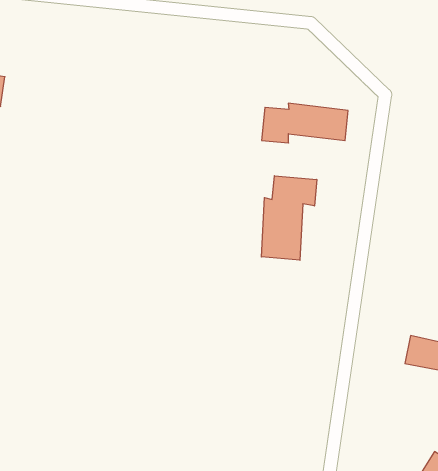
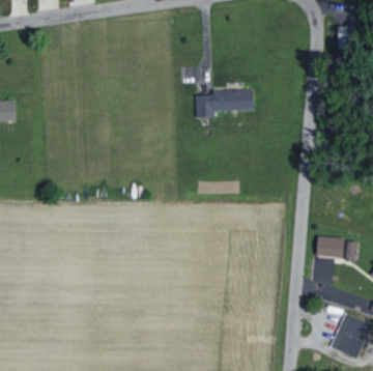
building: [261,176,317,260] -> none

